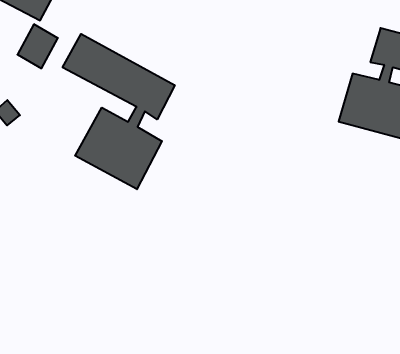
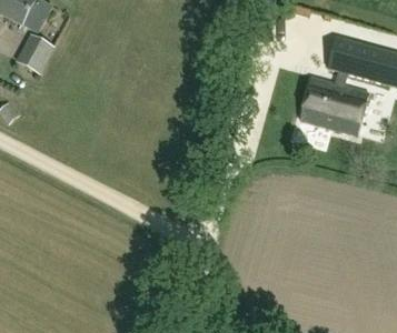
building: [63,34,175,189] -> none

